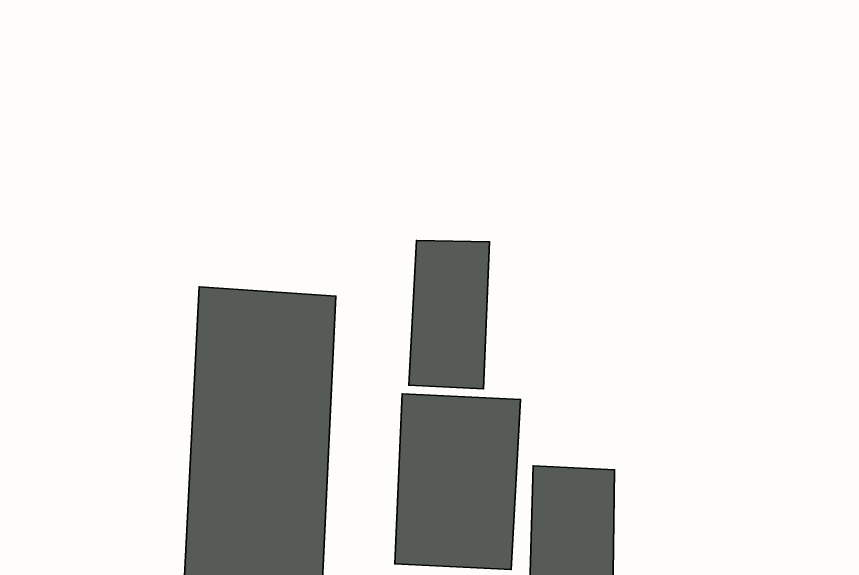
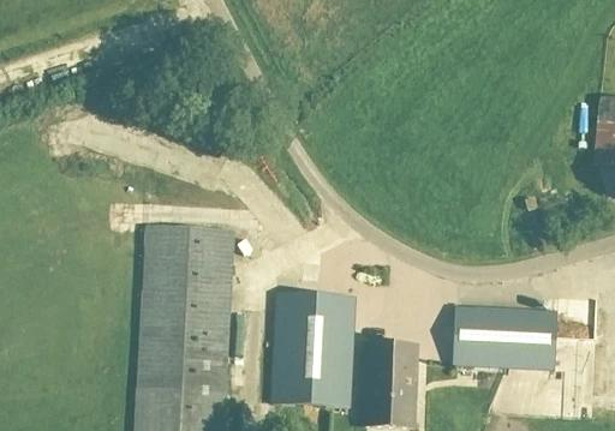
building: [409,241,490,389] -> none
building: none -> [452,306,557,369]

